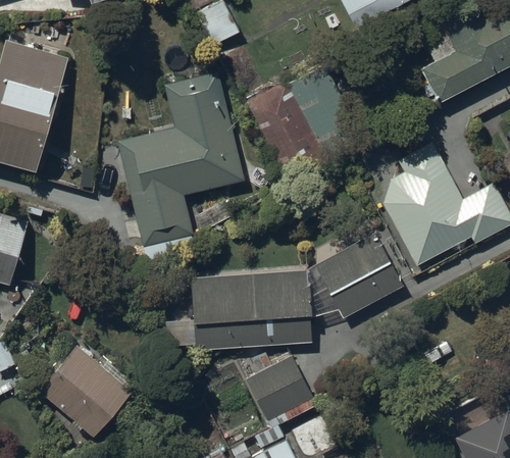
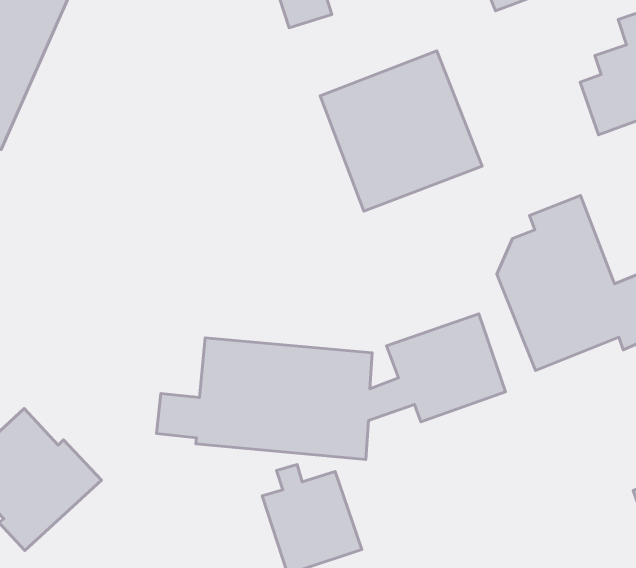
building: [117,71,245,263] -> none

